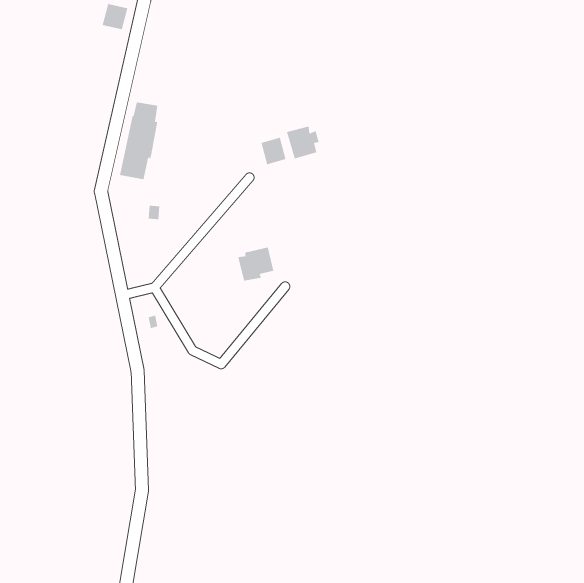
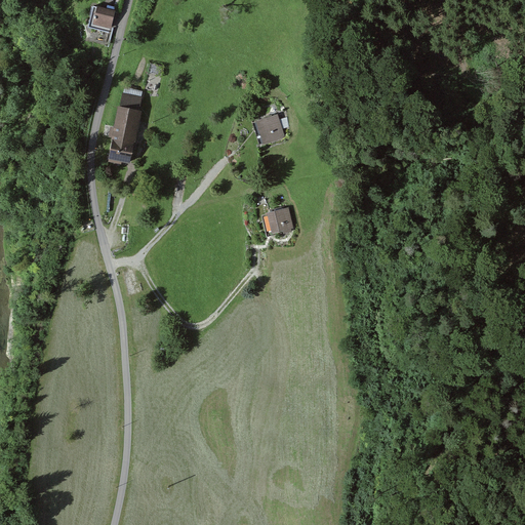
building: [261,137,286,165] -> none
building: [238,247,274,281] -> [260,207,293,238]

